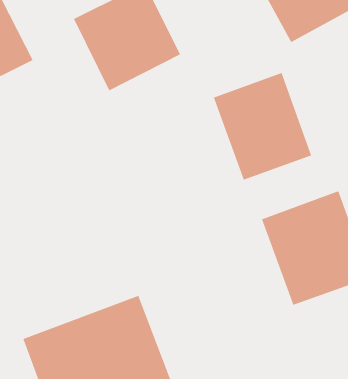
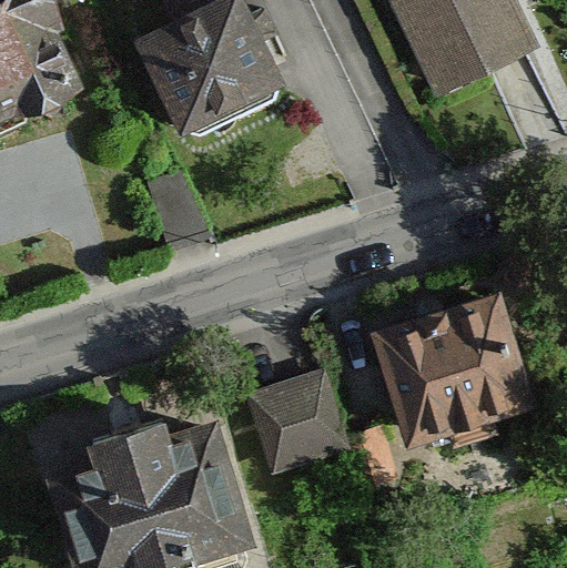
building: [213,72,312,181] -> none
building: none -> [255,365,361,467]

